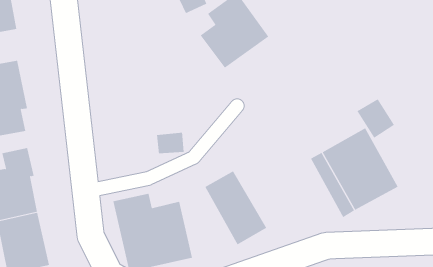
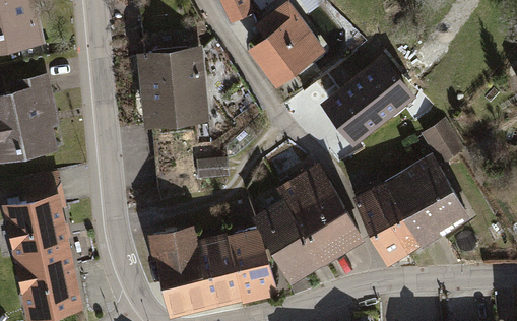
building: none -> [135,47,209,127]
building: none -> [329,62,411,139]
building: none -> [278,164,363,264]
building: none -> [352,187,407,262]
building: none -> [225,228,269,298]

